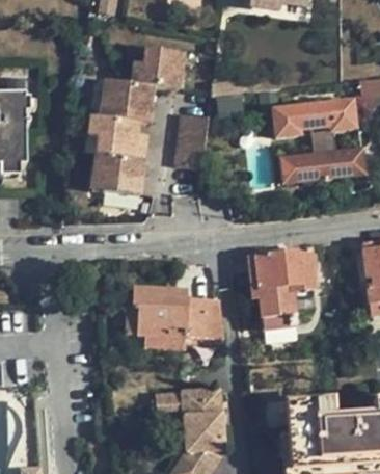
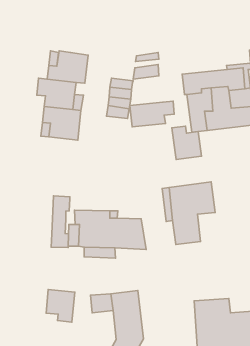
building: [128,48,180,87] -> none
building: none -> [130,101,174,127]
building: none -> [172,126,201,159]
building: none -> [51,196,70,248]
building: none -> [46,290,75,322]

